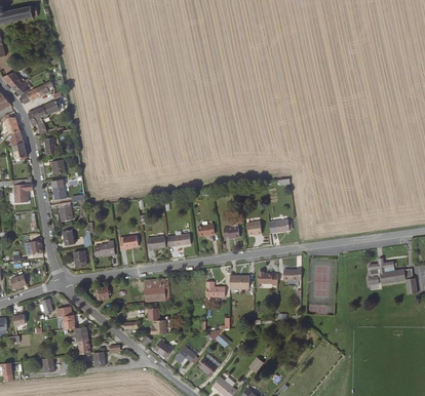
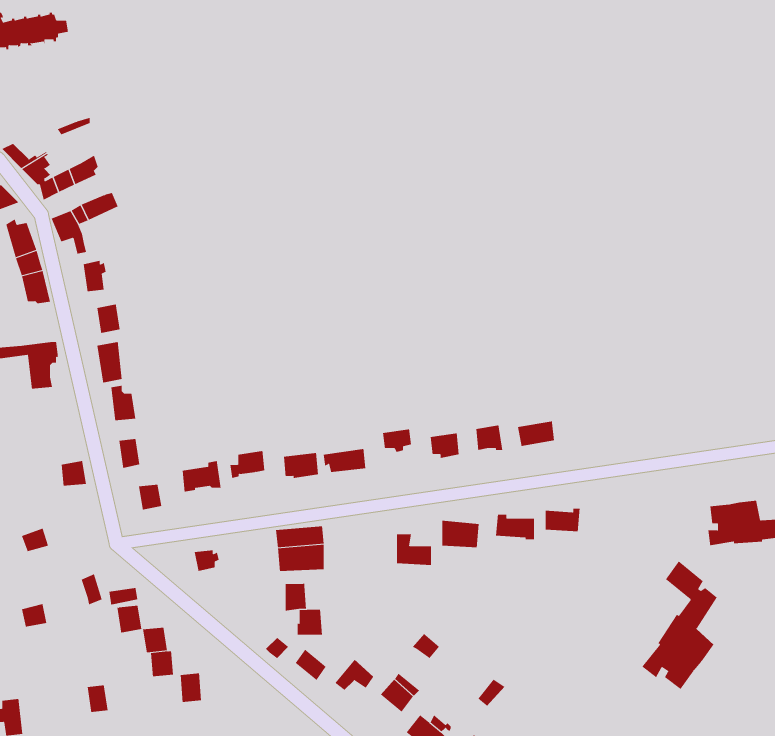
building: none -> [642,560,718,690]

